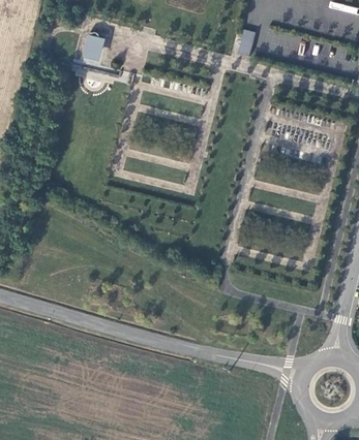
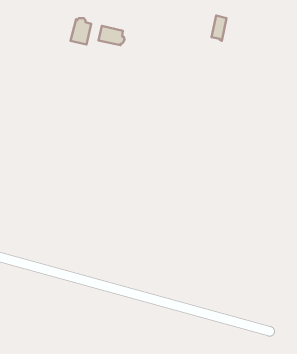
building: none -> [99,26,125,45]

